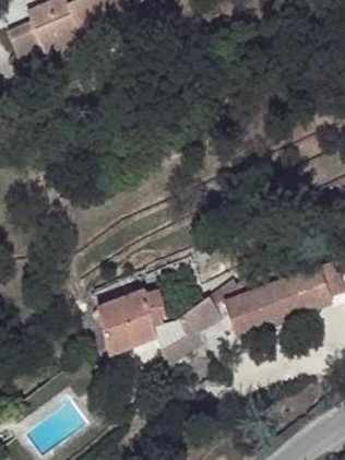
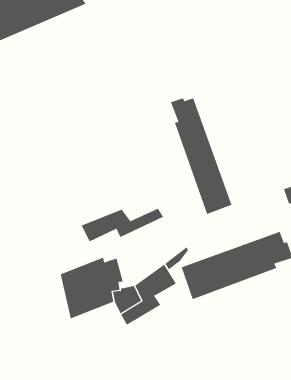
building: none -> [170,97,232,215]
building: none -> [81,208,164,242]

